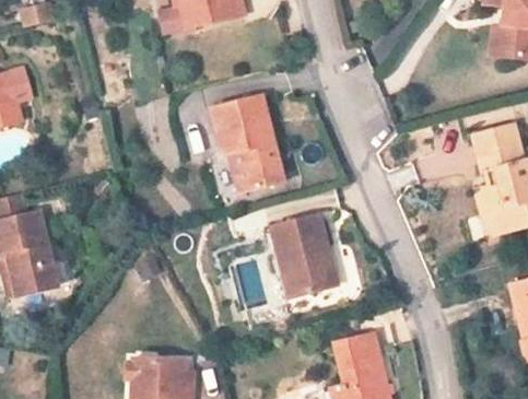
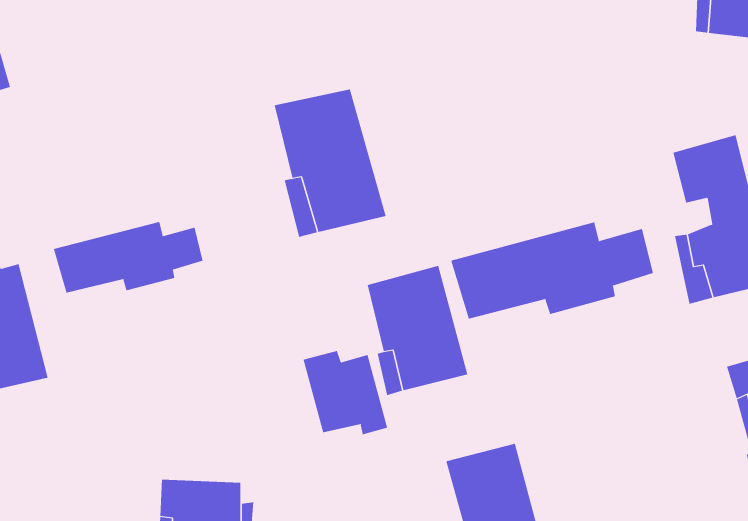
building: none -> [53,221,203,294]
building: none -> [450,221,654,319]
building: none -> [303,350,388,435]

